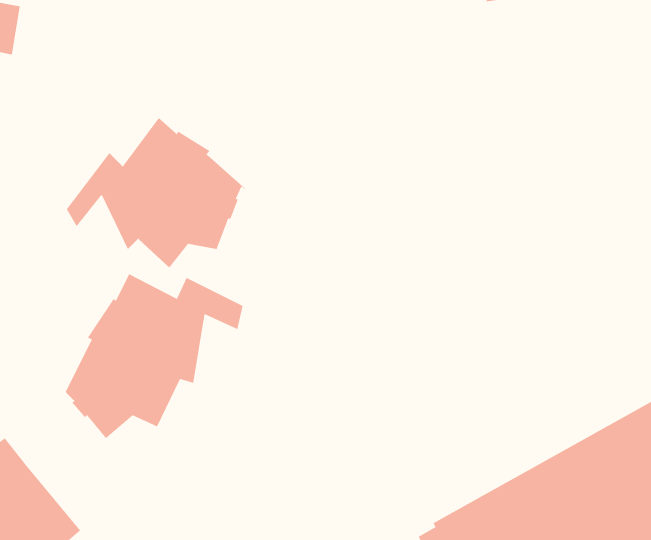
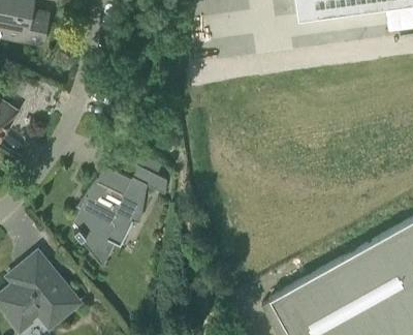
building: [66,117,246,268] -> none

